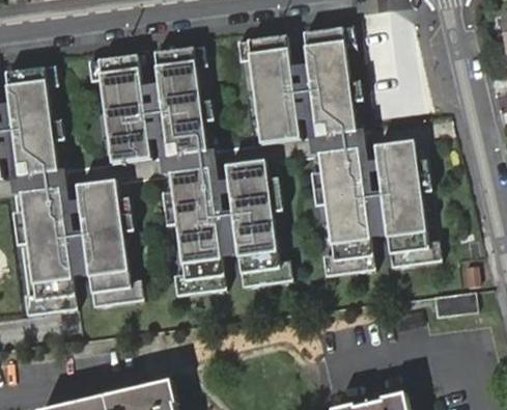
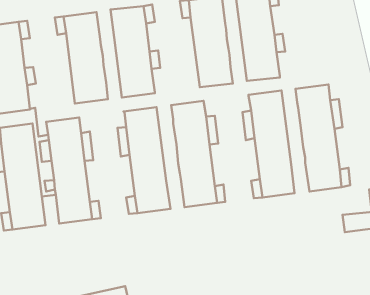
building: [290,65,386,236] -> none
building: [141,84,237,255] -> none

